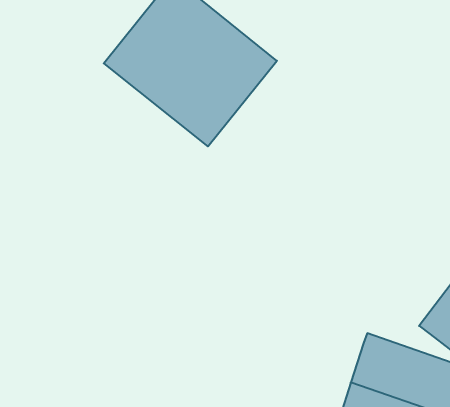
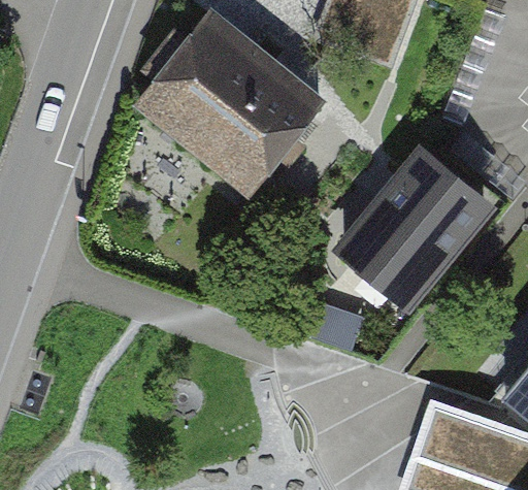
building: none -> [333,159,493,322]

